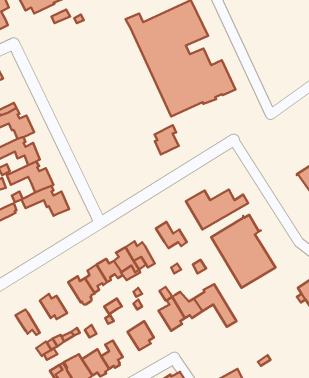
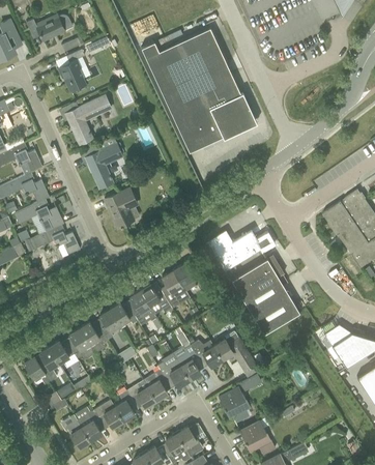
building: none -> [58,51,84,91]
building: none -> [65,96,111,146]
building: none -> [85,139,122,190]
building: [155,125,179,154] -> none
building: none -> [104,191,137,229]
building: none -> [161,271,190,310]
building: none -> [66,328,92,359]
building: none -> [36,348,60,382]
building: none -> [156,358,189,387]
building: none -> [218,375,261,424]
building: none -> [126,381,154,408]

